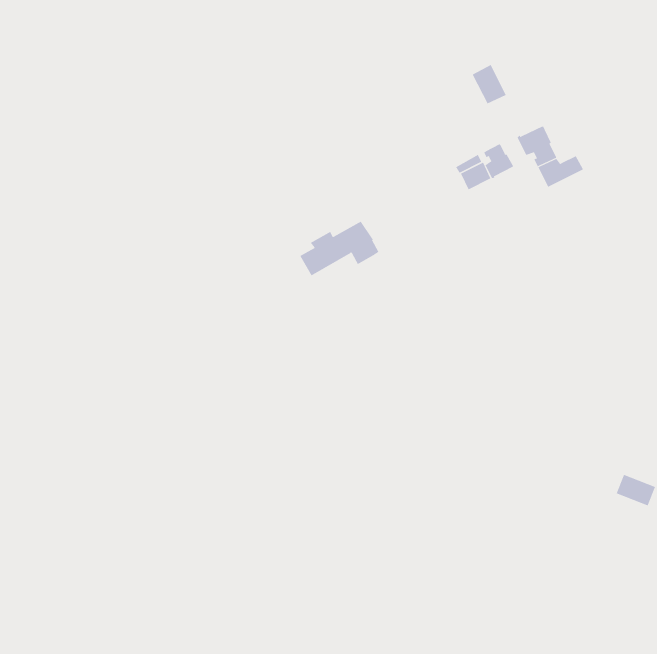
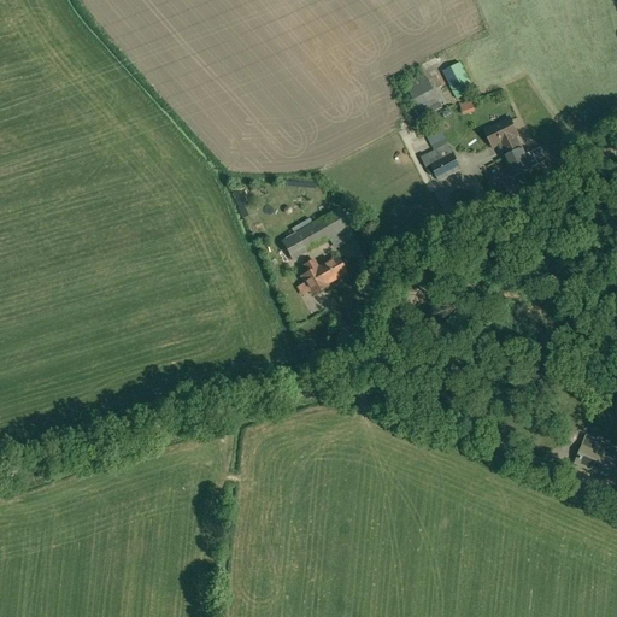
building: none -> [406,72,440,111]
building: [483,143,515,179] -> none
building: none -> [301,254,346,293]

